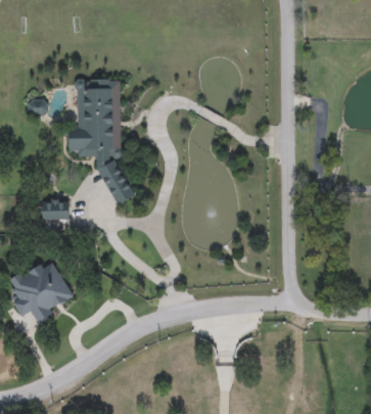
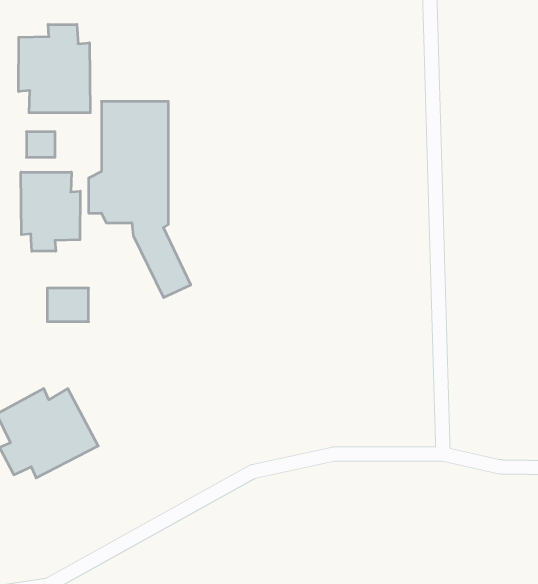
building: none -> [19,24,90,113]
building: none -> [21,172,80,251]

